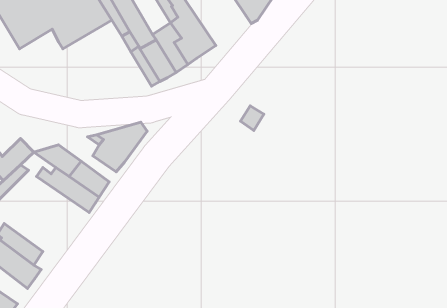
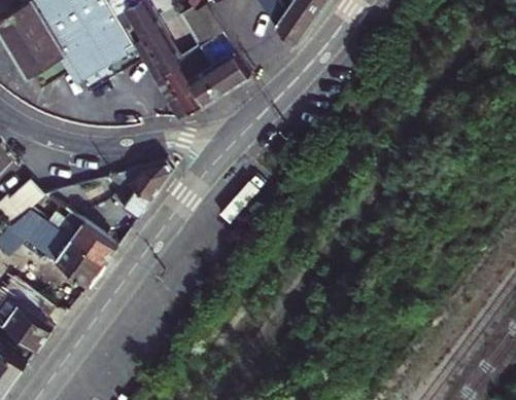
building: none -> [19,223,103,287]

